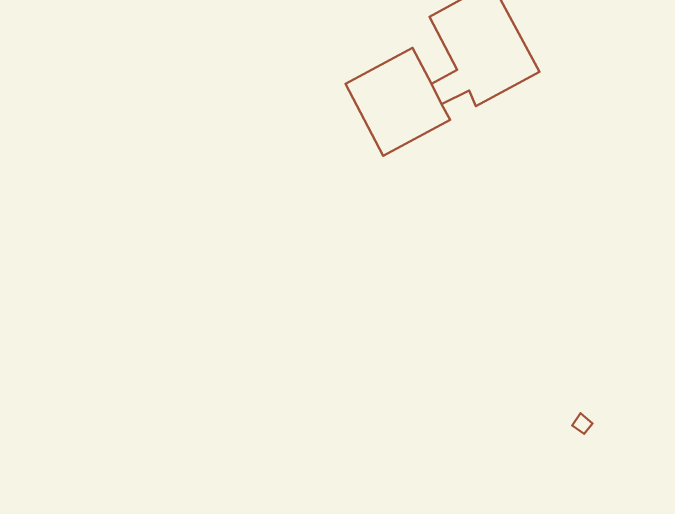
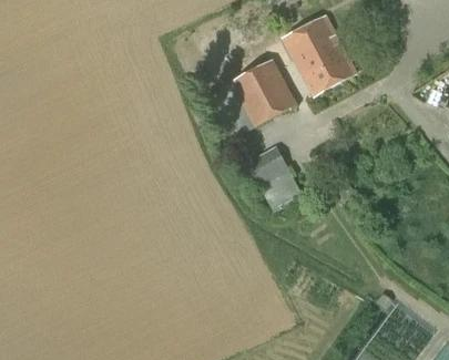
building: none -> [245,145,294,195]

